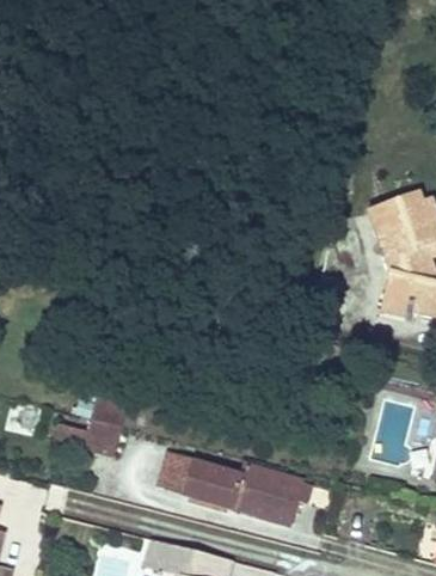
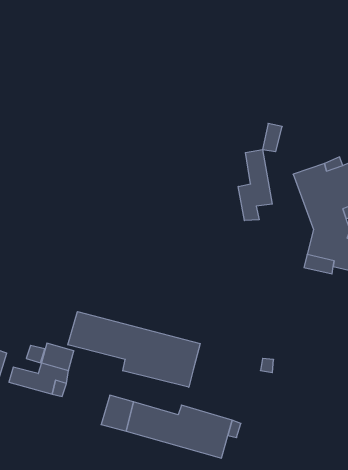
building: none -> [238,149,272,221]
building: none -> [68,312,200,387]

